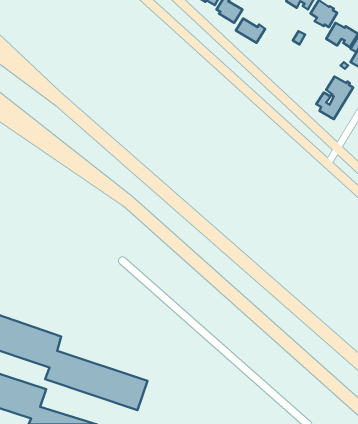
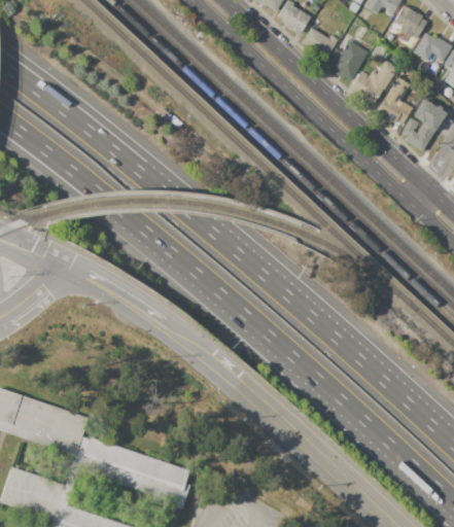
building: none -> [326,40,369,79]
building: none -> [356,60,398,97]
building: none -> [378,77,414,125]

